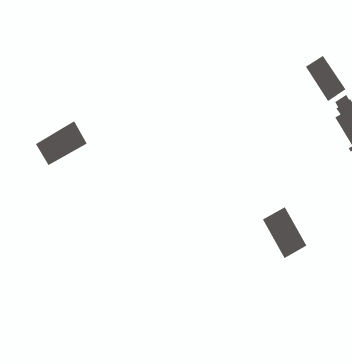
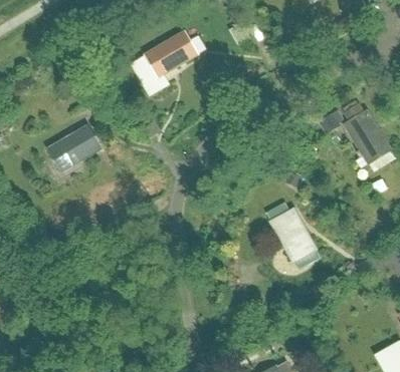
building: none -> [146,30,197,75]
building: [305,55,346,102] -> none

